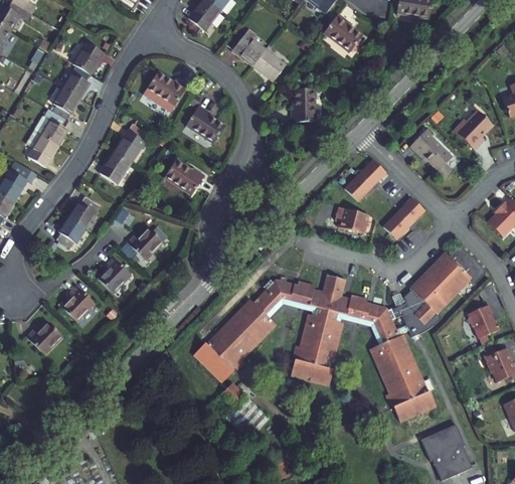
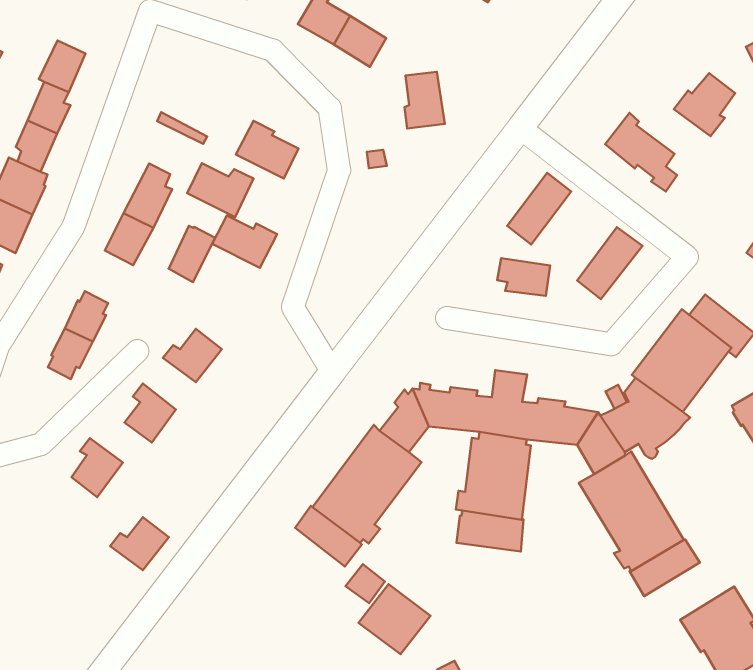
building: [147,70,188,106] -> [187,163,254,217]
building: none -> [168,226,215,282]
building: [26,321,62,353] -> [110,517,169,570]

